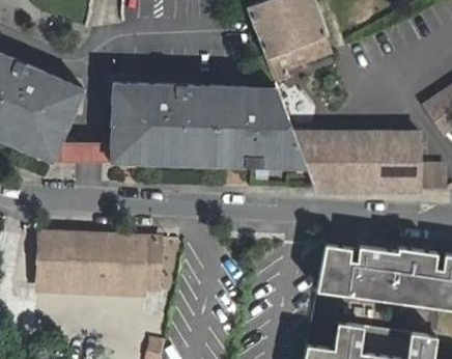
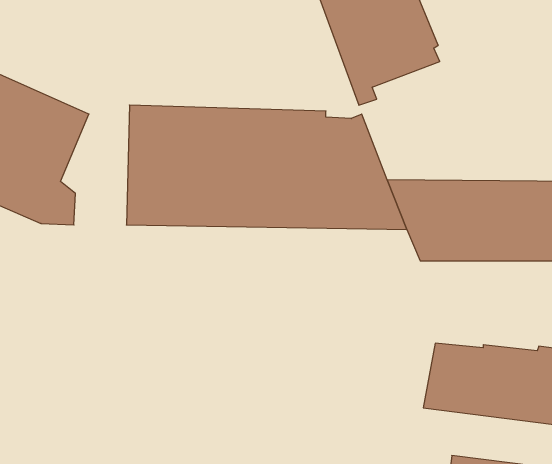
building: [38,233,164,293] -> none

